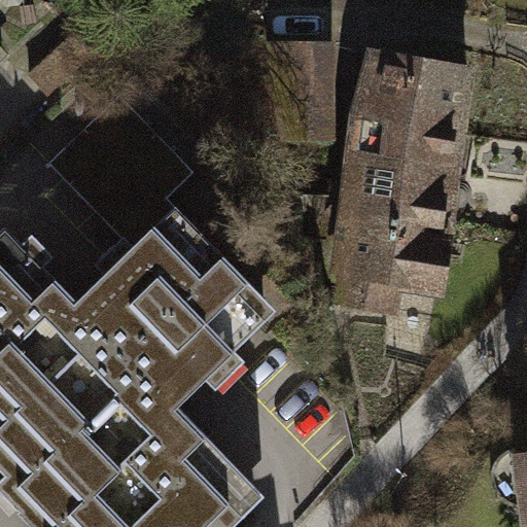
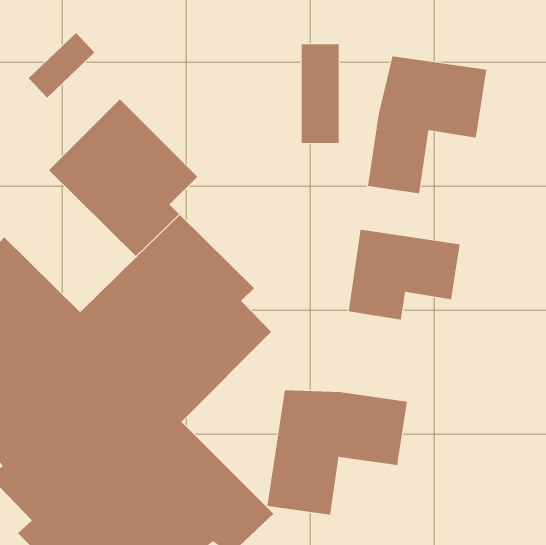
building: [346,128,458,237] -> none
building: none -> [267,389,407,516]

